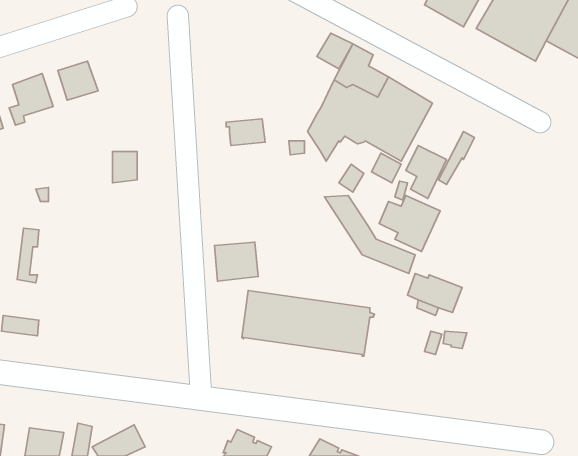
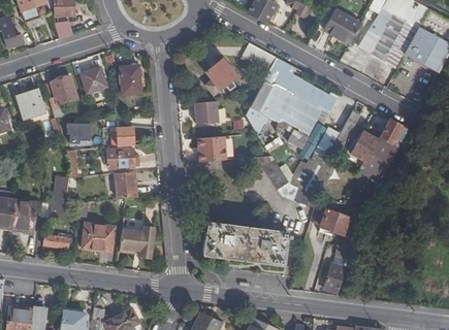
building: none -> [205,58,236,94]
building: none -> [119,66,141,95]
building: none -> [349,120,407,182]
building: none -> [67,123,90,142]
building: none -> [103,150,134,168]
building: none -> [114,173,137,200]
building: [214,242,258,281] -> [197,137,226,163]
building: none -> [82,223,114,253]
building: none -> [119,227,154,259]
building: none -> [323,264,345,294]

